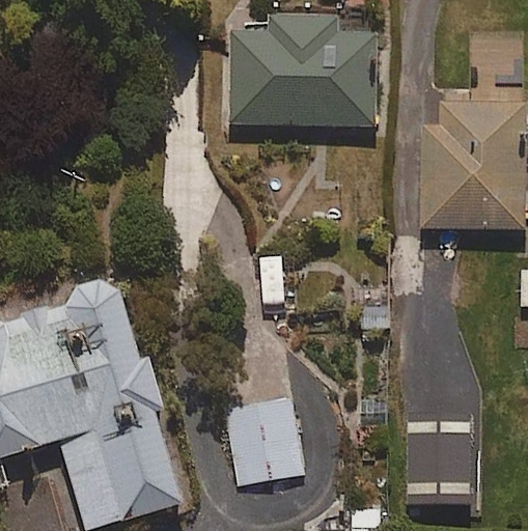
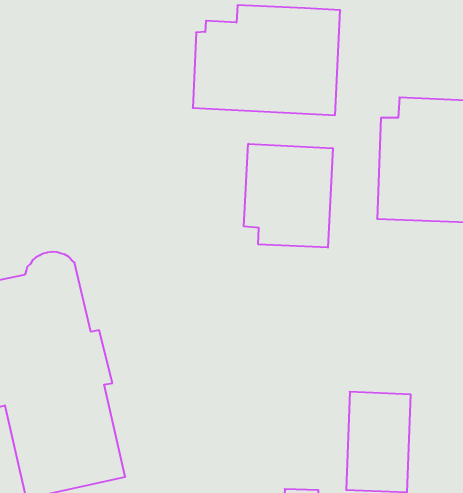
building: none -> [244,144,333,248]
building: [227,396,302,500] -> none

